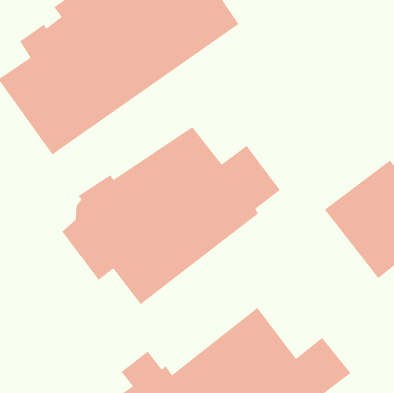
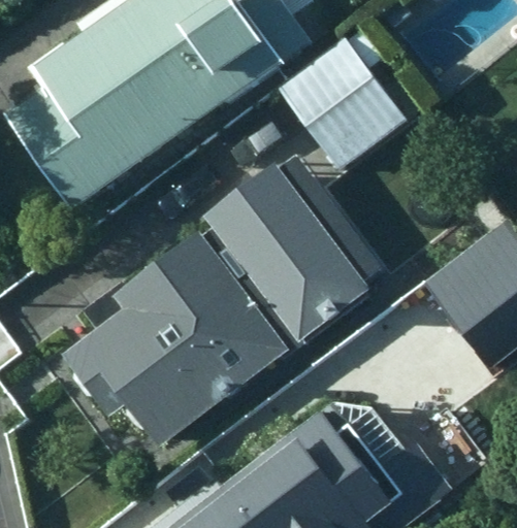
building: none -> [277,40,408,173]

